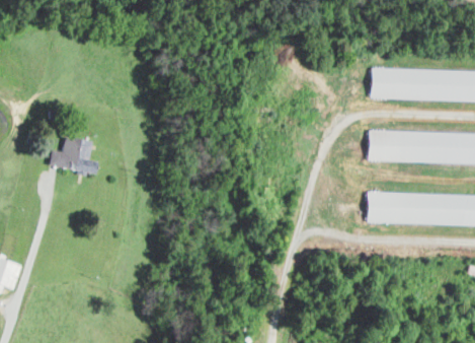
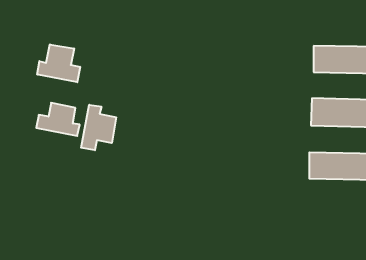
building: none -> [37,44,80,82]
building: none -> [81,105,116,150]

